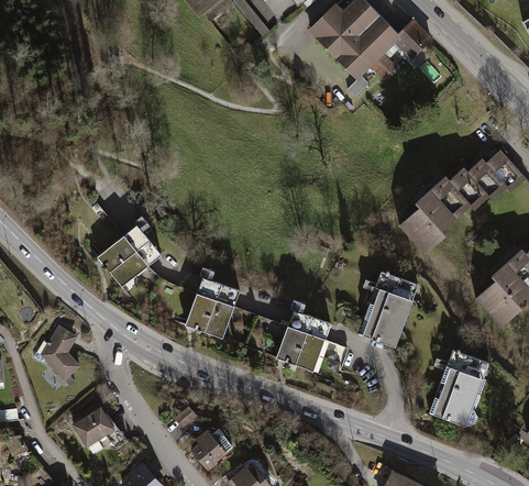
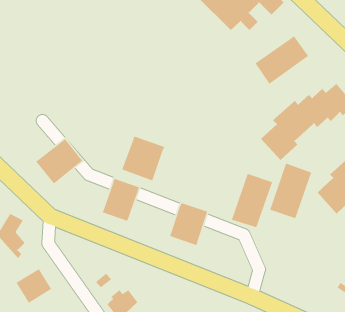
building: none -> [255,35,309,85]
building: none -> [121,136,165,182]
building: [429,350,487,427] -> [269,162,312,219]

